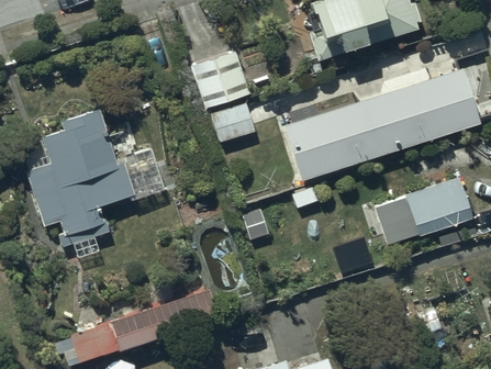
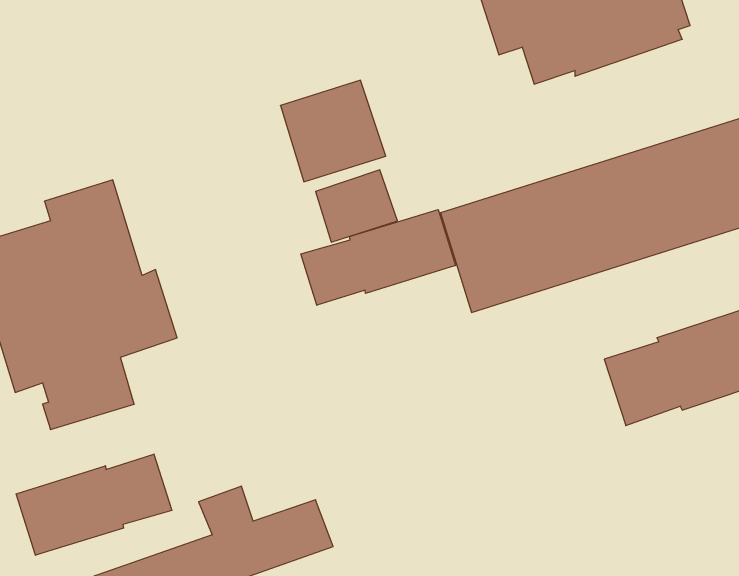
building: none -> [301,210,455,305]
building: none -> [16,454,172,555]

